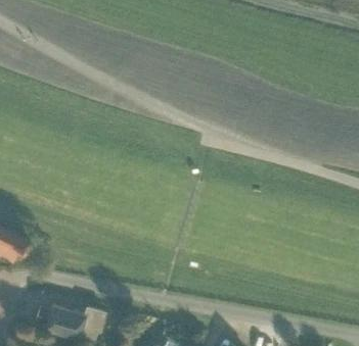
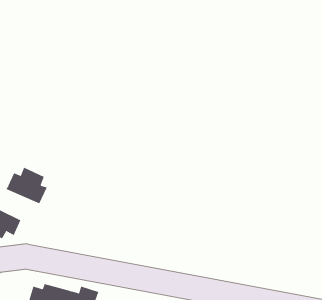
building: none -> [6,167,47,204]

